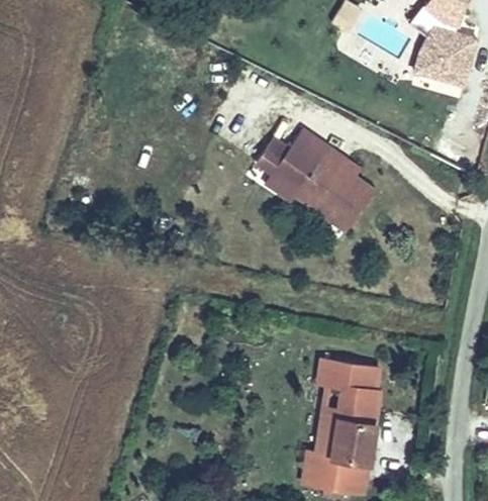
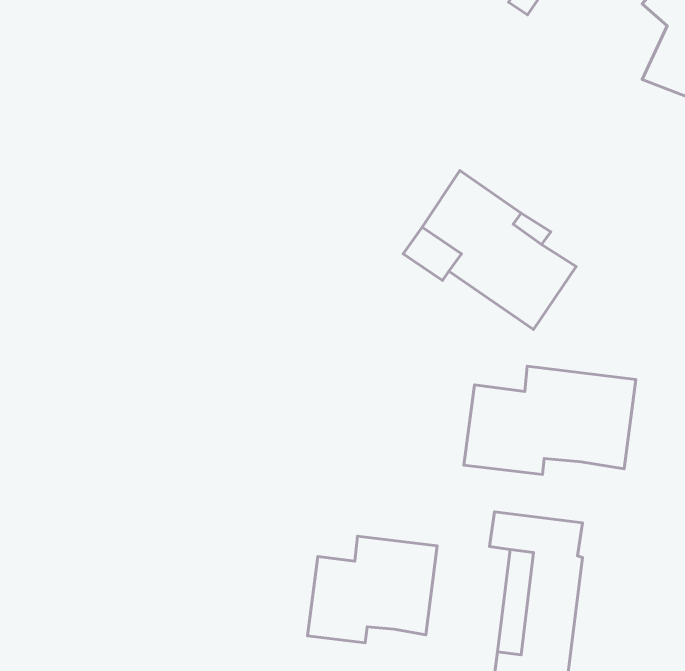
building: none -> [464,366,636,474]
building: none -> [307,536,437,643]

